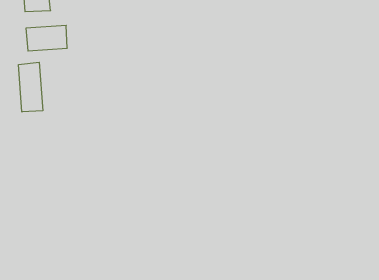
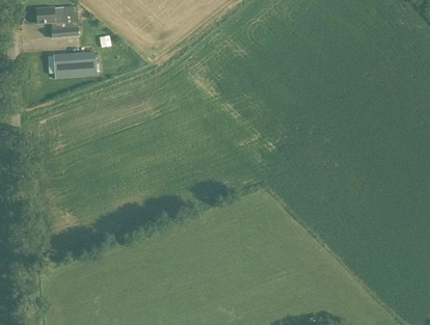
building: [19,62,43,112] -> none

